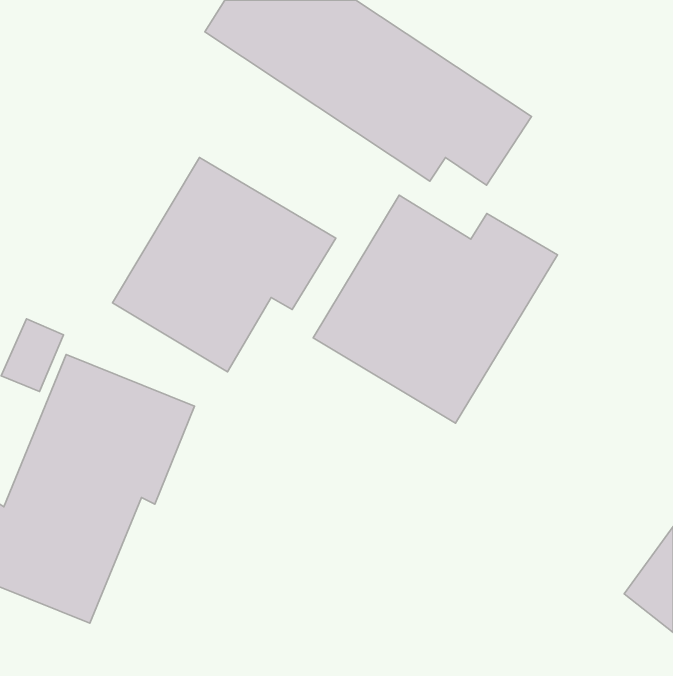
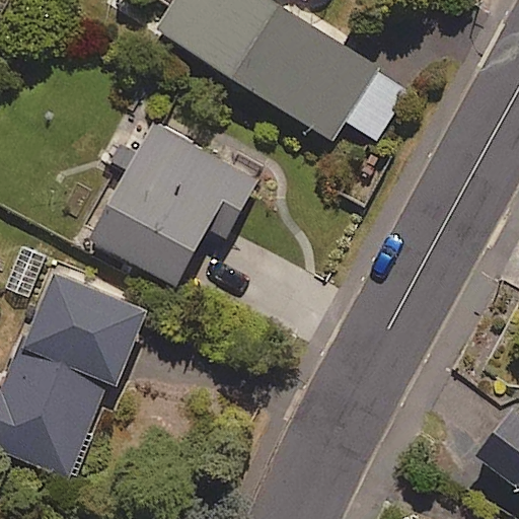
building: [313,195,557,423] -> none

